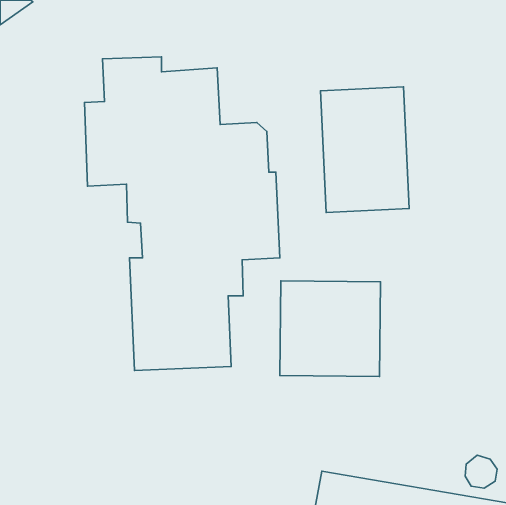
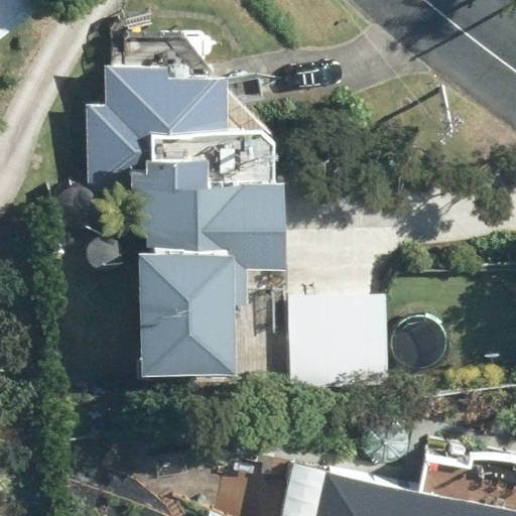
building: [320,87,409,212] -> none

